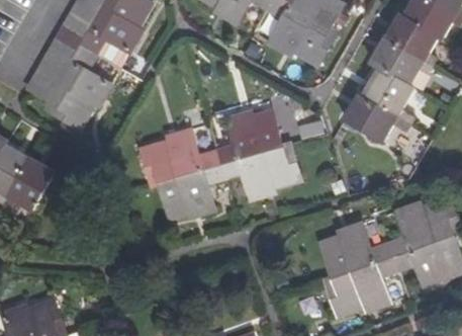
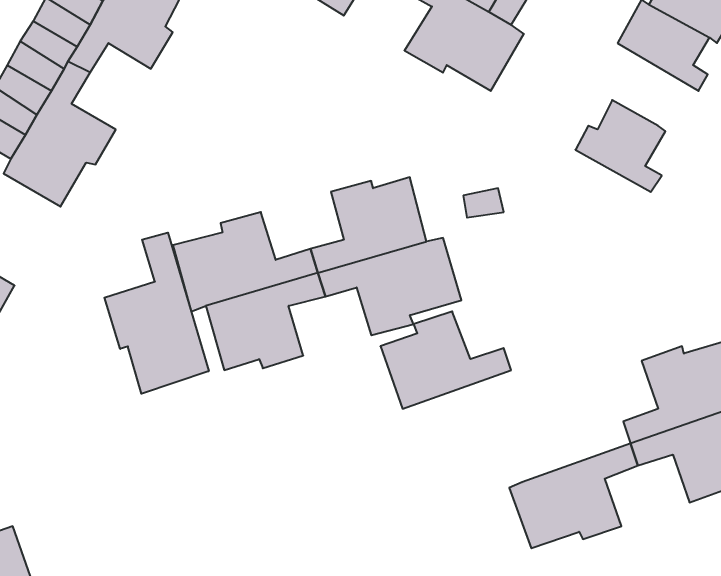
building: [370,36,430,82] -> none
building: [344,92,403,139] -> none
building: none -> [104,233,209,394]
building: [320,225,392,278] -> [380,311,511,409]

